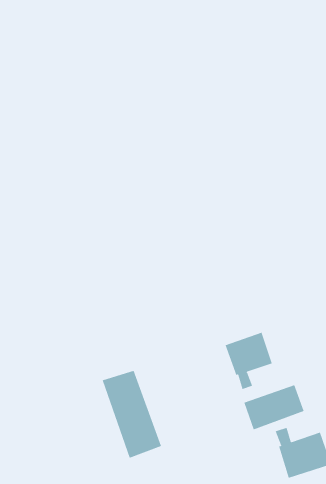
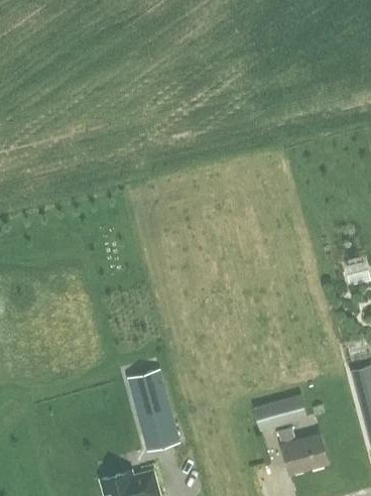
building: [225,332,272,390] -> none

